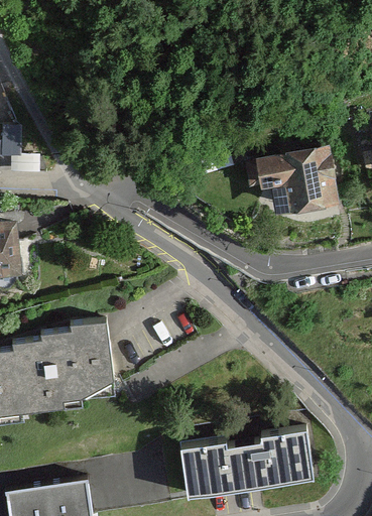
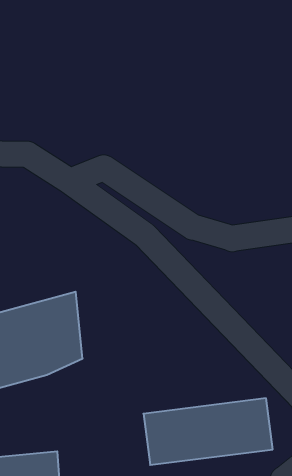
building: [243,144,329,204] -> none

